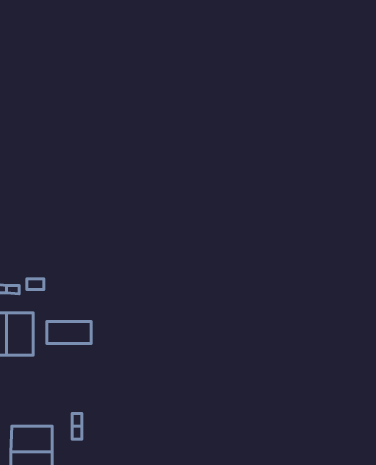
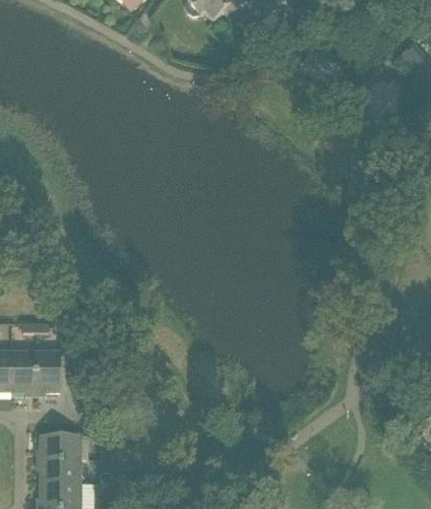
building: [47,322,91,344] -> none
building: none -> [41,434,80,459]

